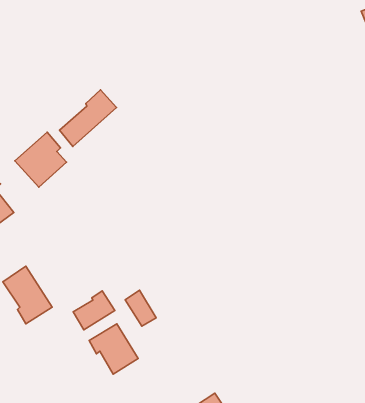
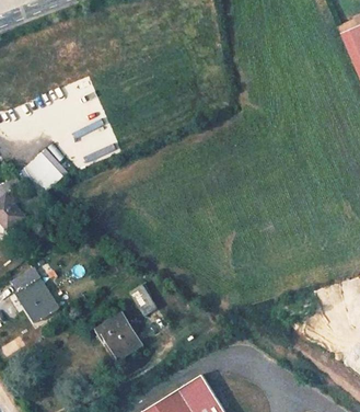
building: [59,90,117,146] -> none
building: [73,291,115,330] -> none

